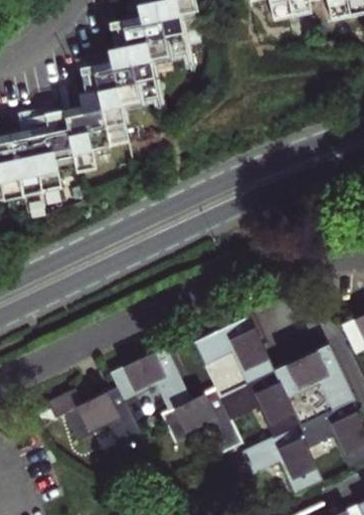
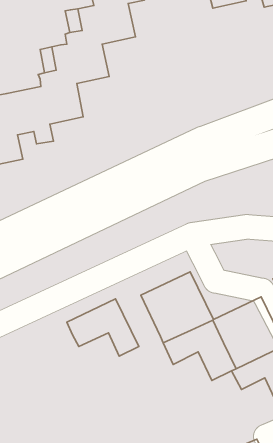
building: [47,385,143,450] -> none
building: [160,387,240,453] -> none
building: [242,425,322,493] -> none

